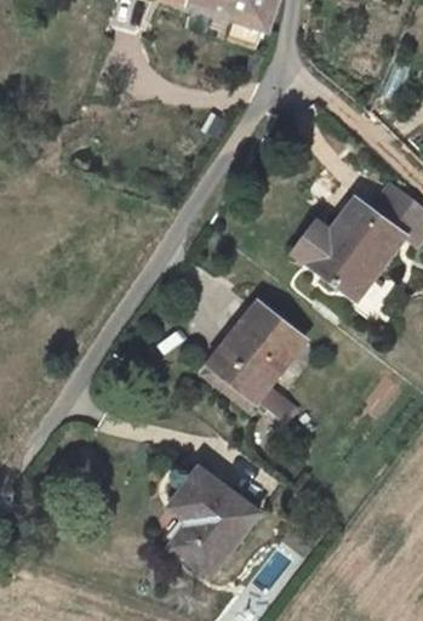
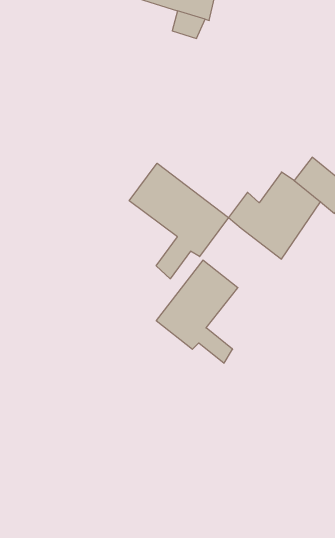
building: none -> [129,163,228,279]
building: [167,465,256,571] -> none

